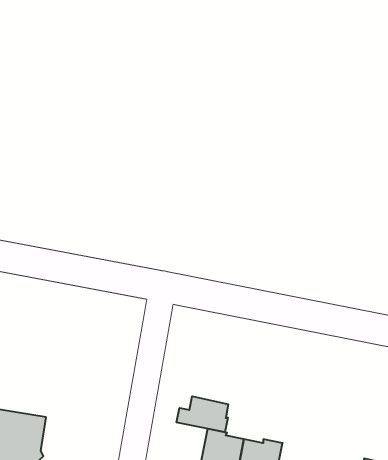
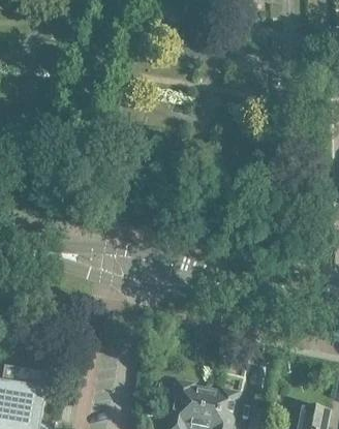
building: [176,396,228,432] -> none

